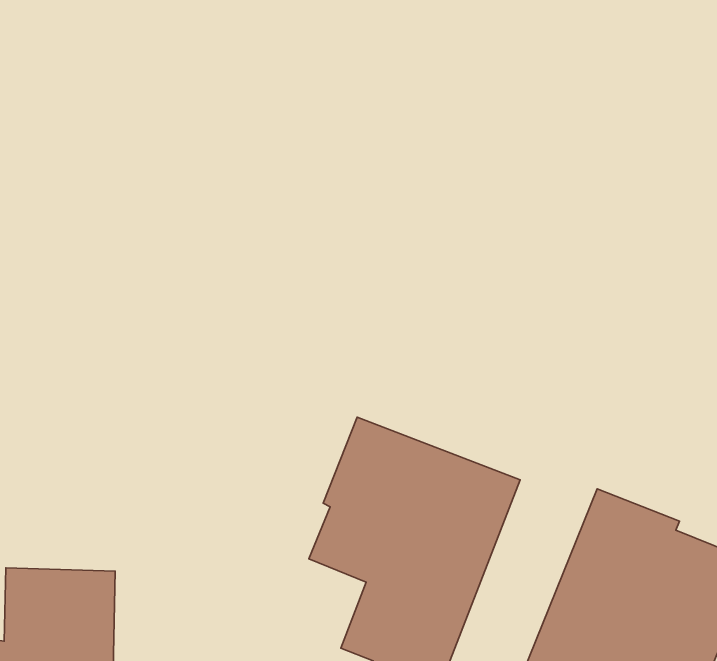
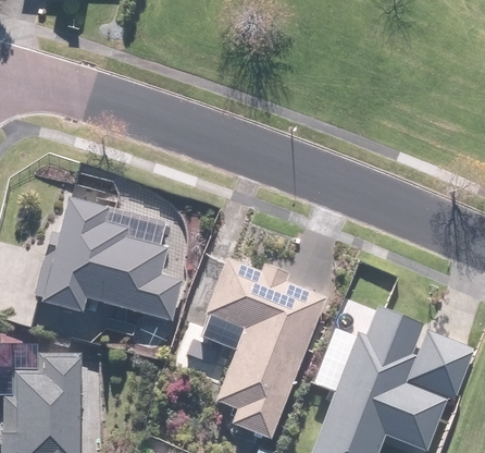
building: none -> [41,201,184,320]

